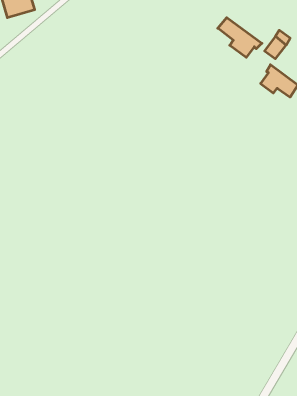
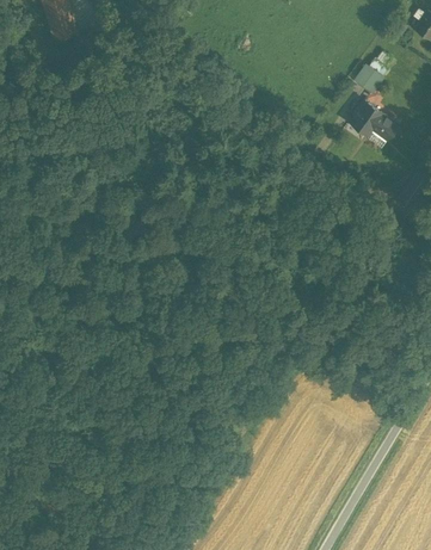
building: [218,18,262,57] -> none

